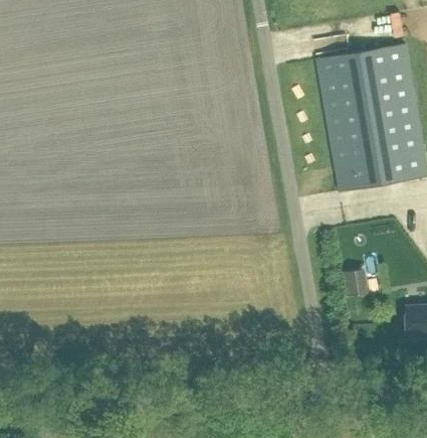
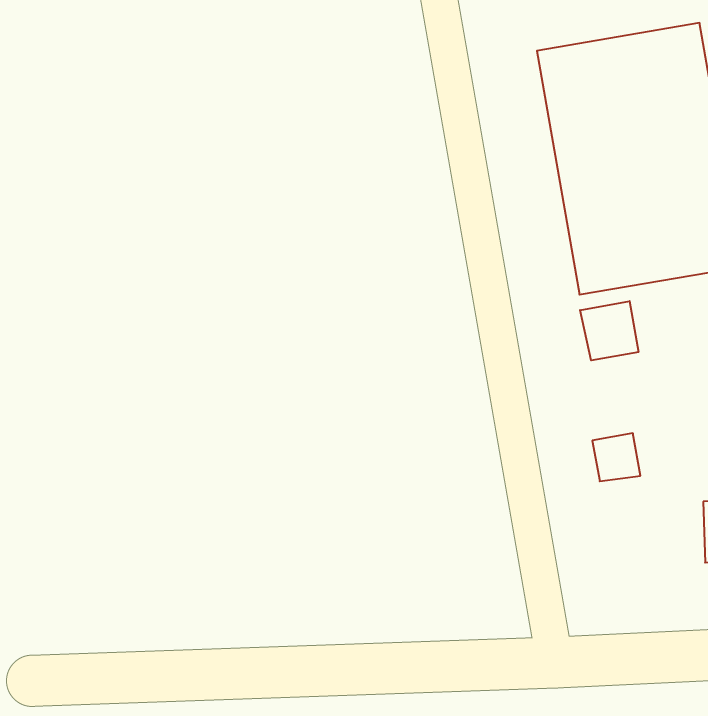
building: none -> [580,301,638,360]

